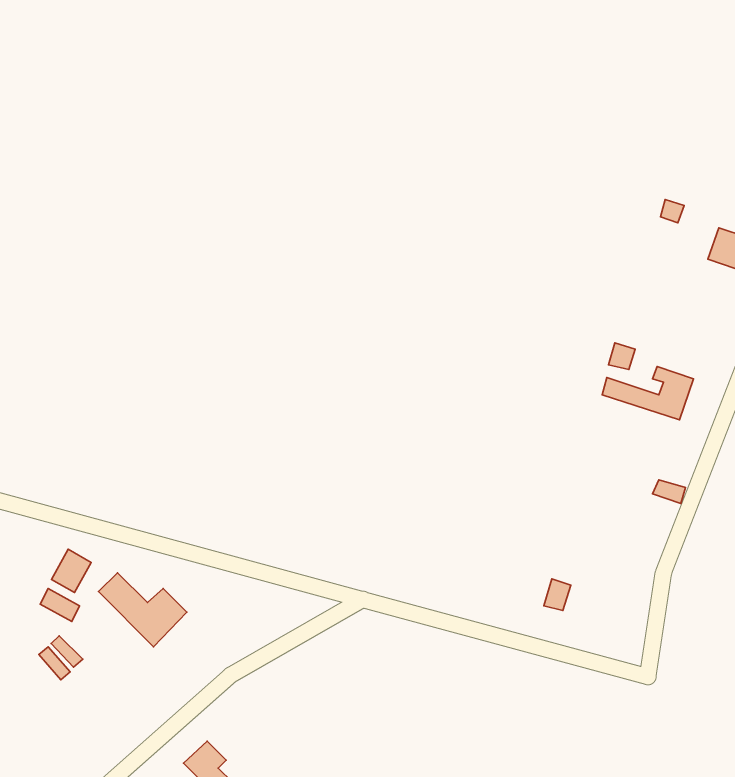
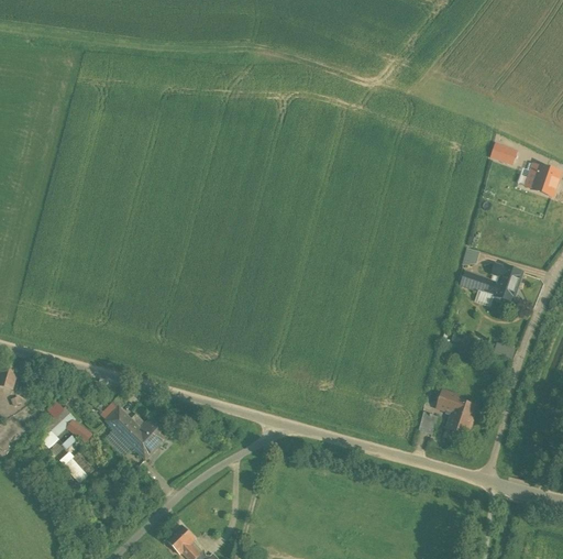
building: none -> [435,391,475,439]
building: [52,549,91,593] -> none

